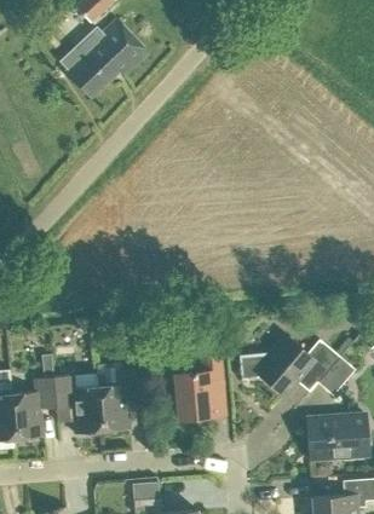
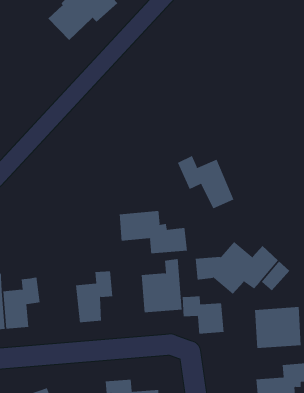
building: none -> [177,155,234,209]
building: none -> [119,210,188,254]
building: [54,375,103,433] -> none
building: none -> [182,296,224,335]

